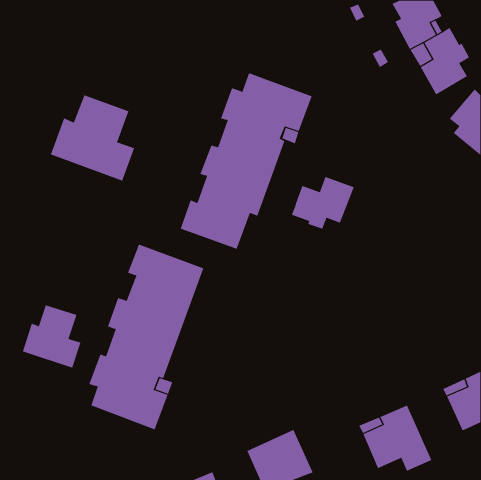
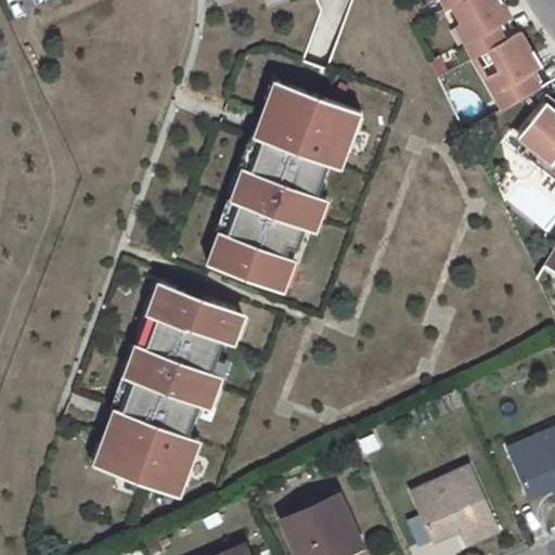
building: [50,94,135,182] -> none
building: [291,176,354,229] -> none
building: [22,304,81,368] -> none

